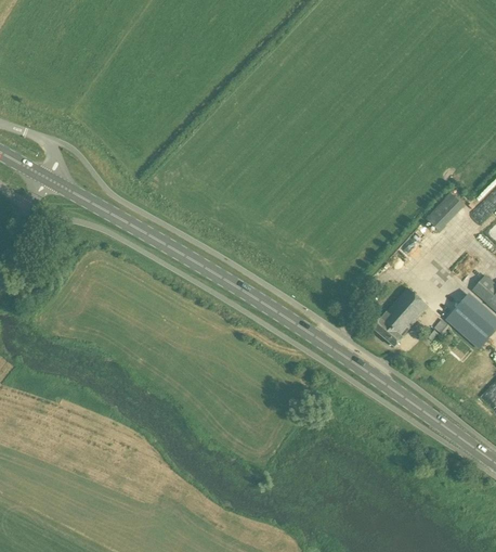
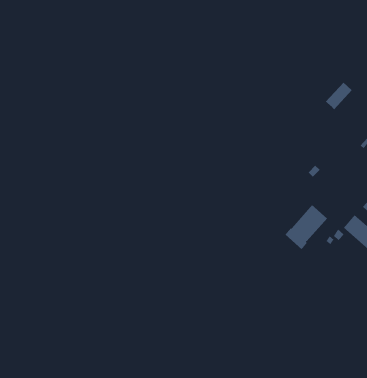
building: [430,185,466,222] -> [325,82,353,110]

